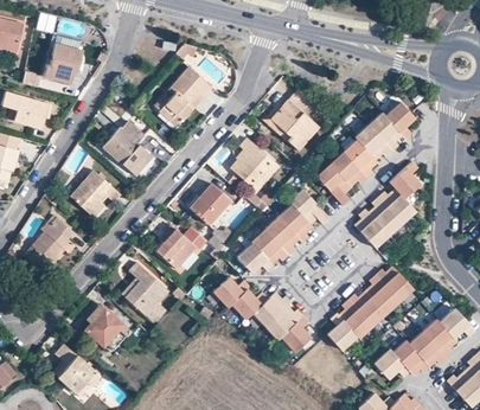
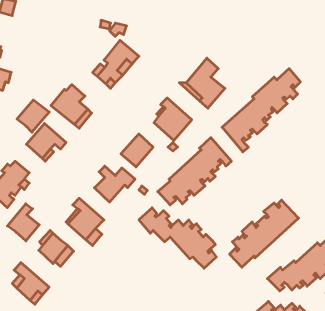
building: [44,43,82,83] -> none
building: none -> [17,100,49,132]
building: [354,161,421,246] -> none
building: none -> [7,204,39,241]

